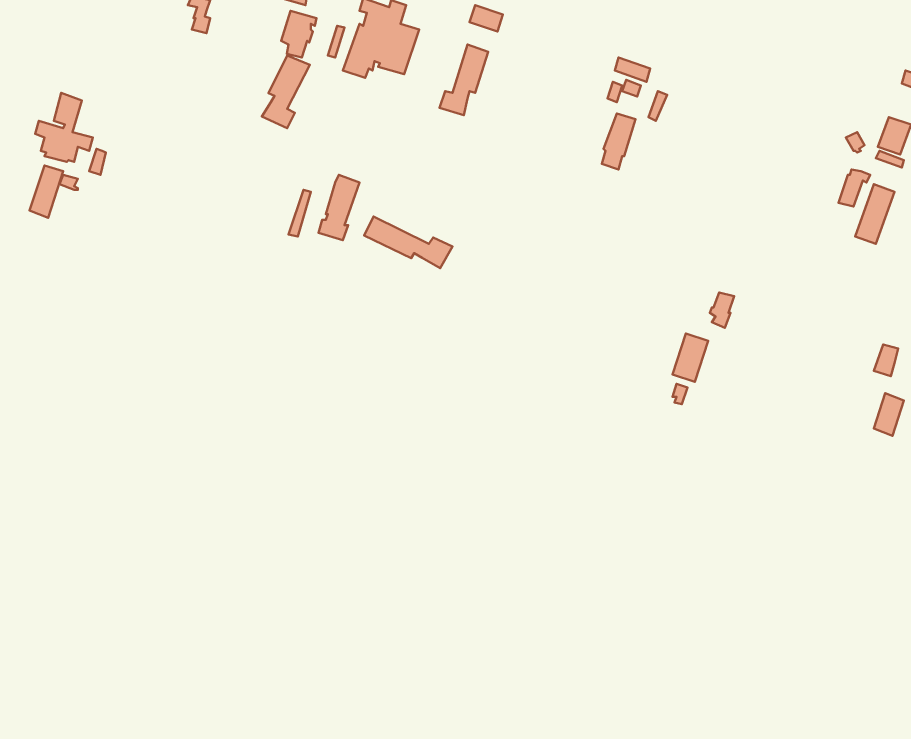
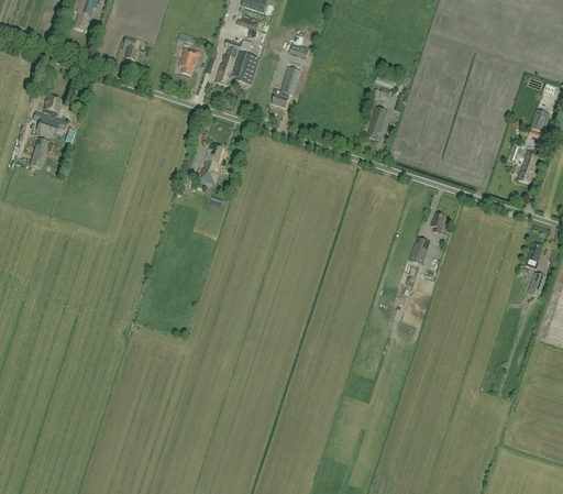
building: [262,56,310,128] -> none
building: [364,217,453,268] -> none

